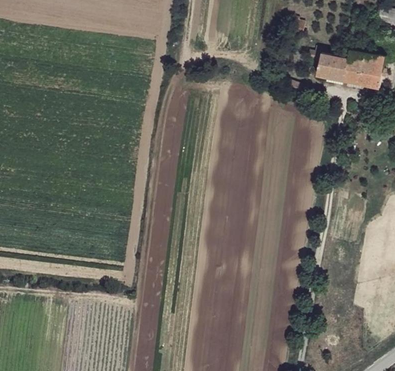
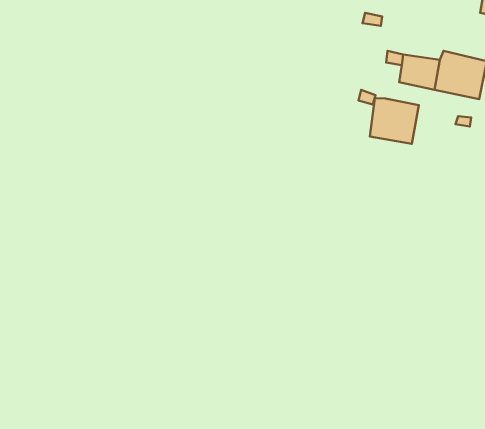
building: none -> [370,98,419,144]

